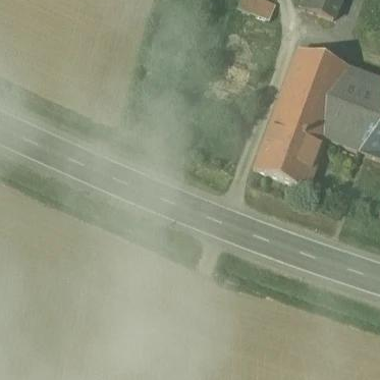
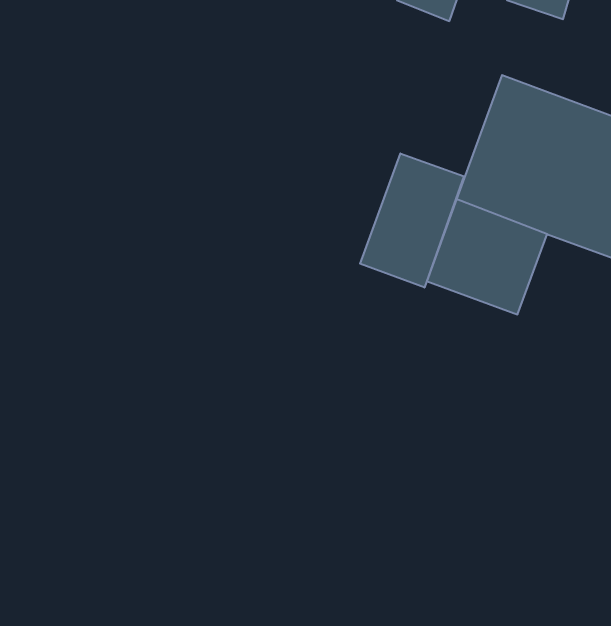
building: none -> [360,153,464,288]

